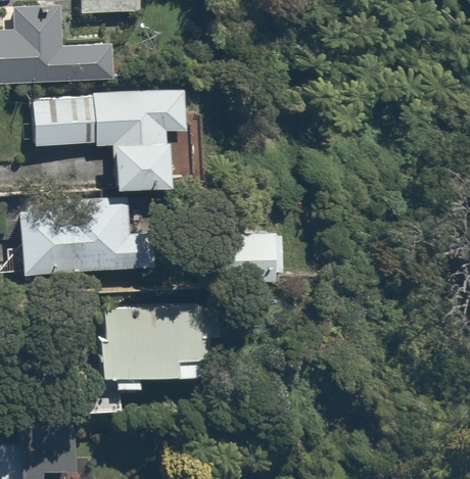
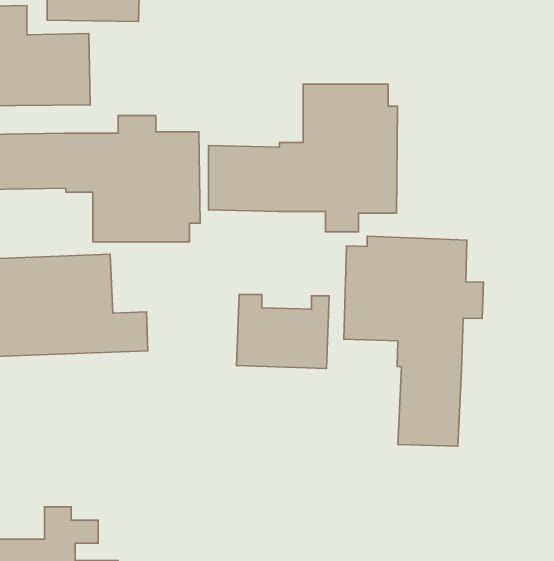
building: none -> [209,84,398,232]
building: none -> [344,236,483,446]
building: [97,307,216,395] -> none

